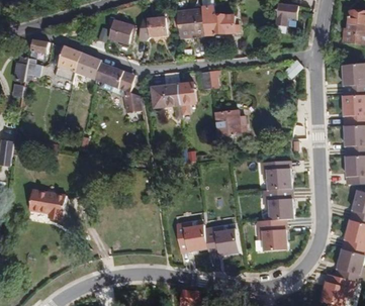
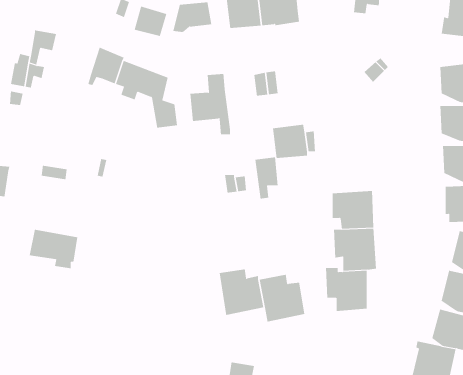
building: [54,43,82,82] -> none
building: [178,81,196,113] -> [254,157,278,199]

